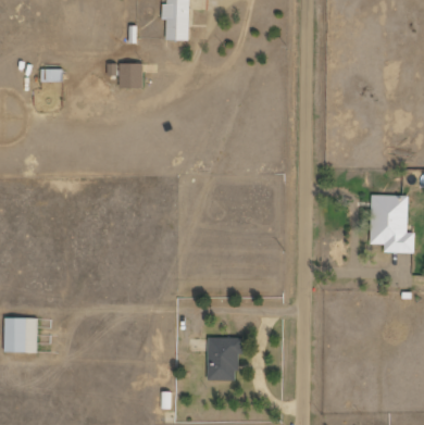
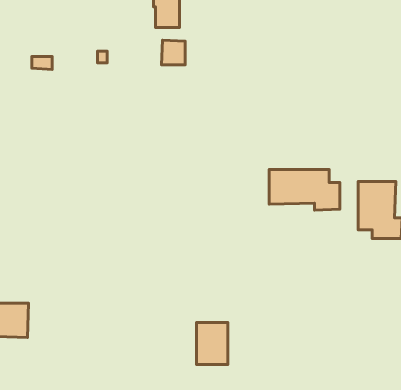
building: [119,62,142,87] -> [161,40,185,65]
building: none -> [269,170,340,210]

